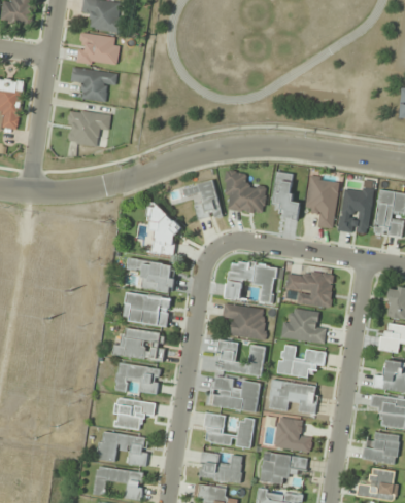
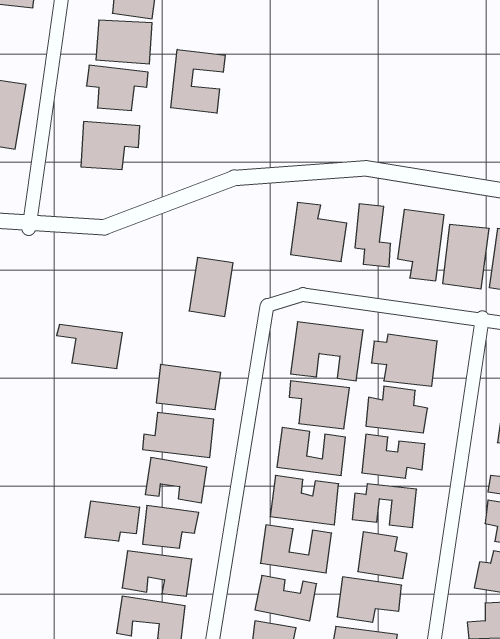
building: none -> [171,49,225,113]
building: [179,181,221,221] -> none
building: [127,259,176,292] -> [57,325,122,368]
building: none -> [85,501,139,541]

